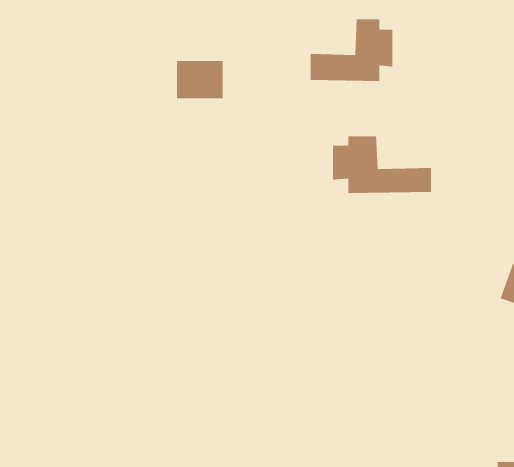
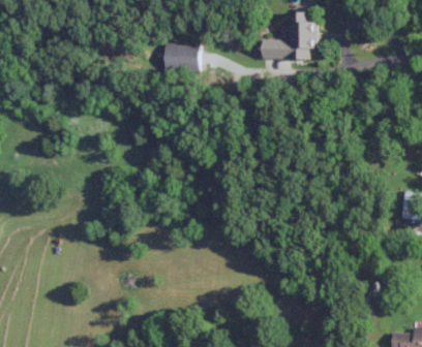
building: [332,136,432,194] -> none

